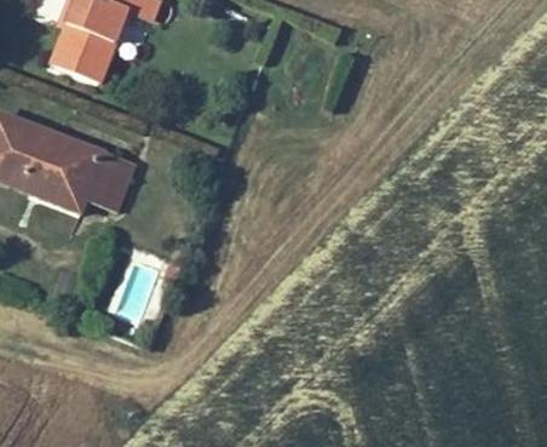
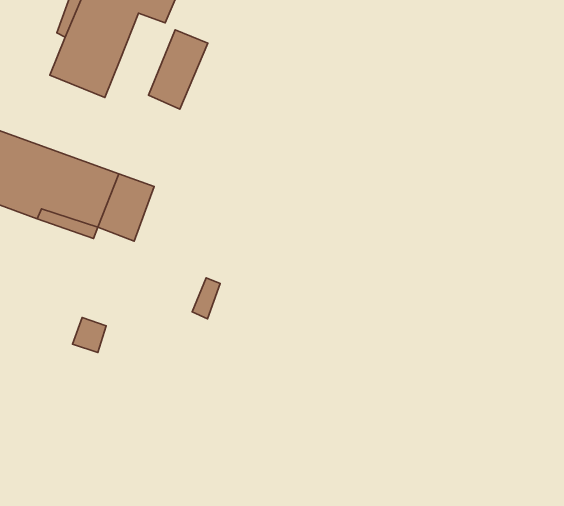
building: none -> [149,30,208,109]

